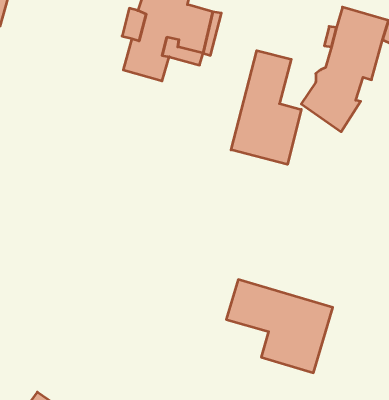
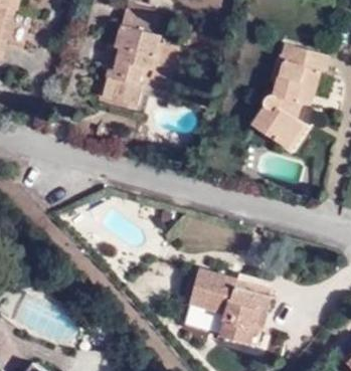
building: [231,51,301,164] -> none

